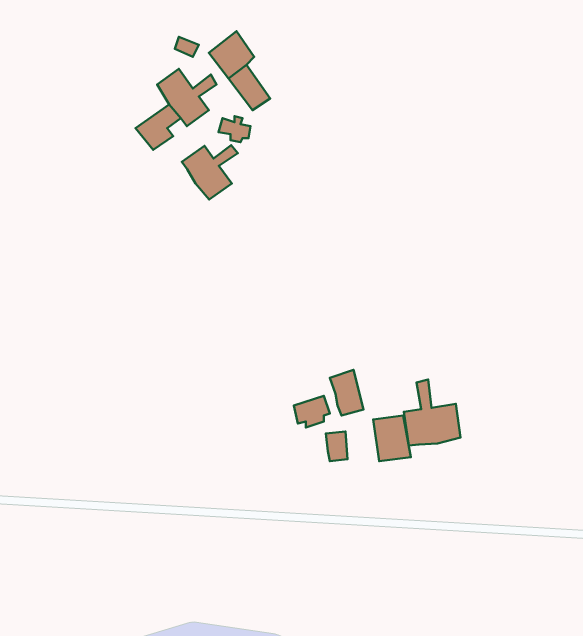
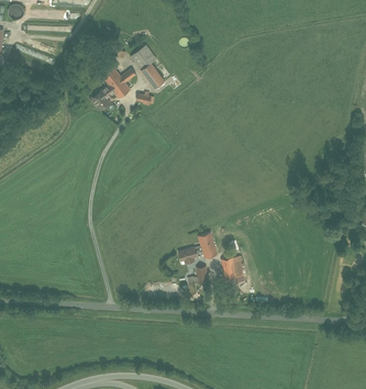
building: [182,145,238,199] -> none
building: [404,379,461,446] -> none

